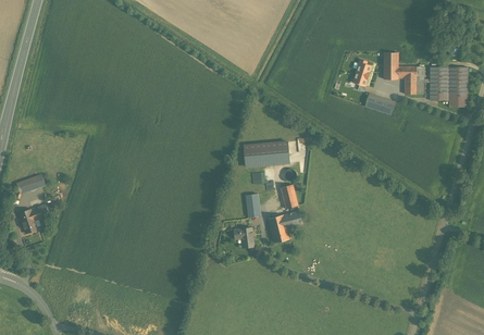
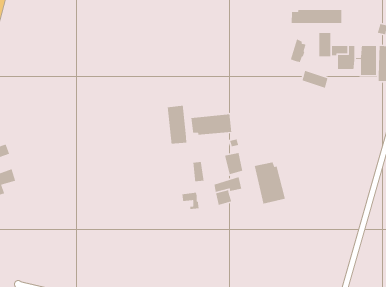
building: none -> [291,9,342,24]
building: none -> [167,105,187,144]
building: none -> [254,162,286,205]

